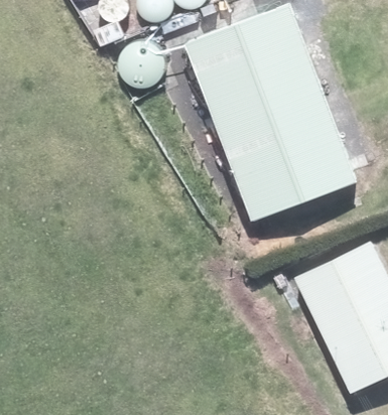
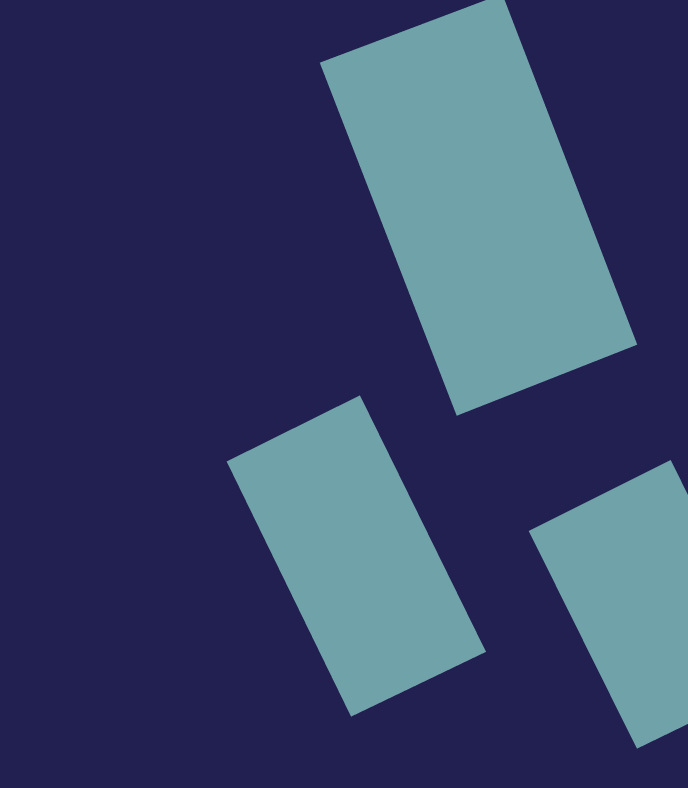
building: none -> [226,394,487,717]

